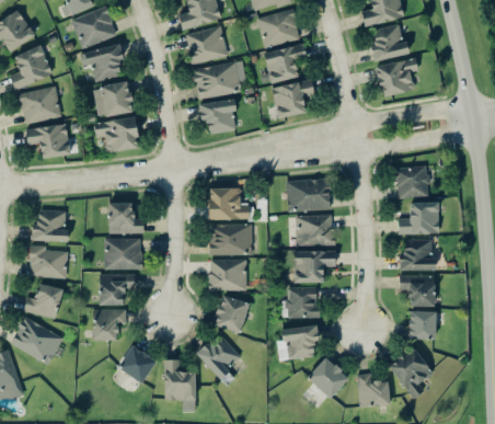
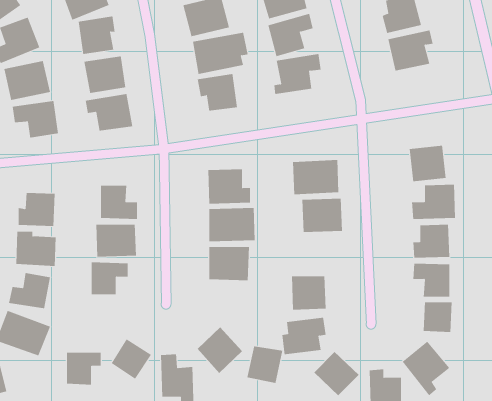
building: [293,251,335,283] -> none
building: [215,297,249,332] -> [247,346,283,383]
building: [93,310,126,341] -> [66,352,101,385]

